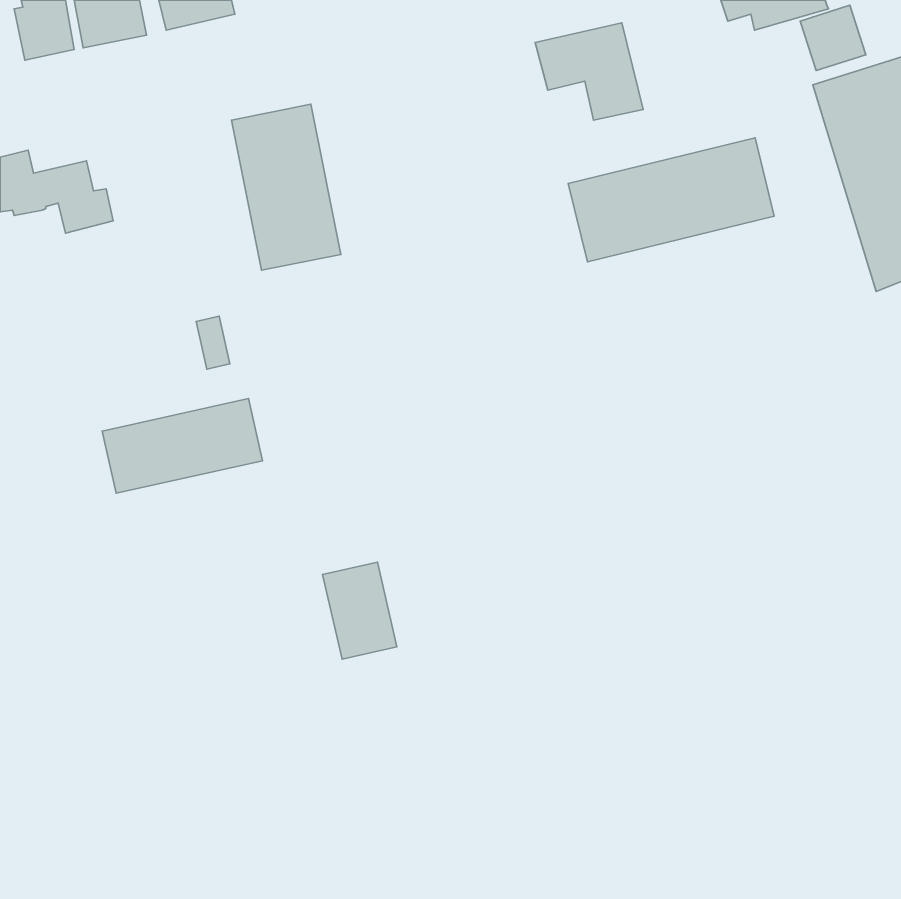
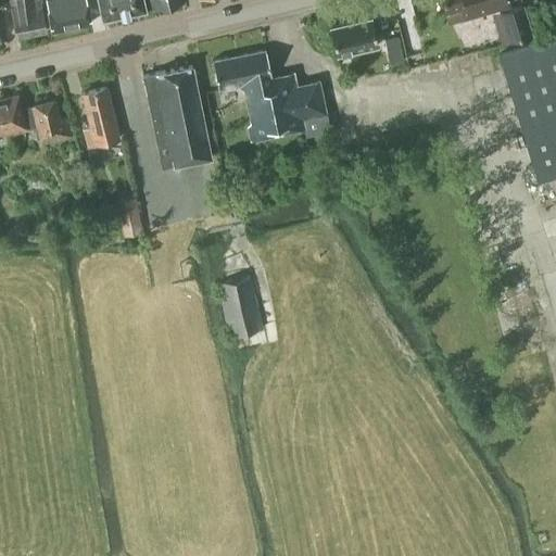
building: none -> [213,51,327,142]
building: [568,138,774,262] -> none
building: none -> [83,88,119,148]
building: [102,399,262,493] -> none
building: [323,562,397,659] -> [218,277,264,337]

